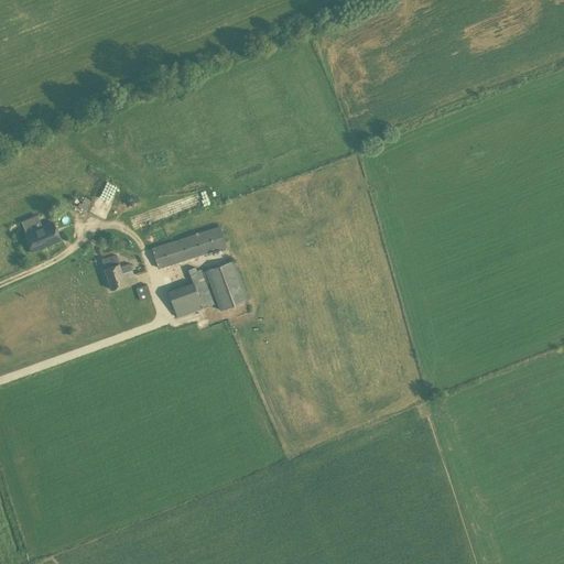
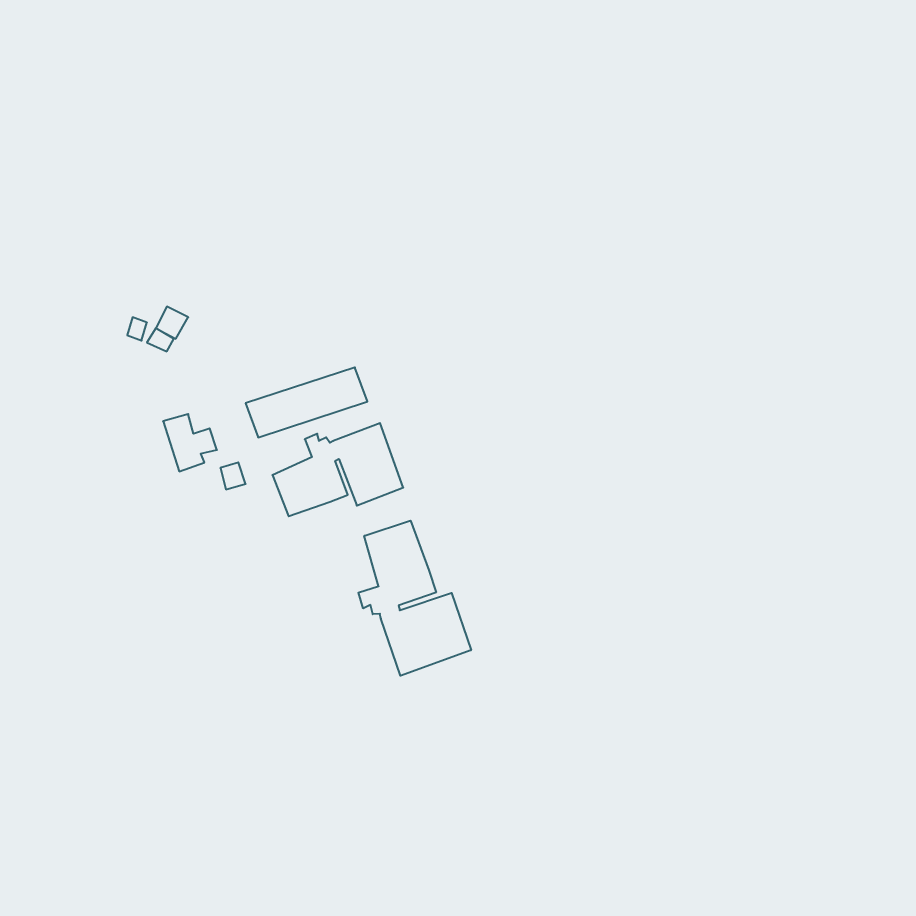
building: [24,221,59,251] -> none
building: none -> [358,521,471,676]

